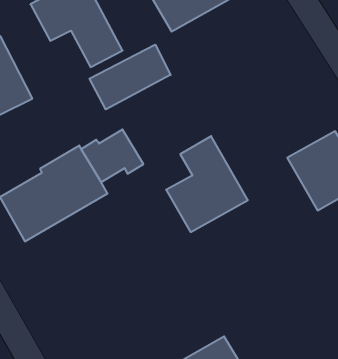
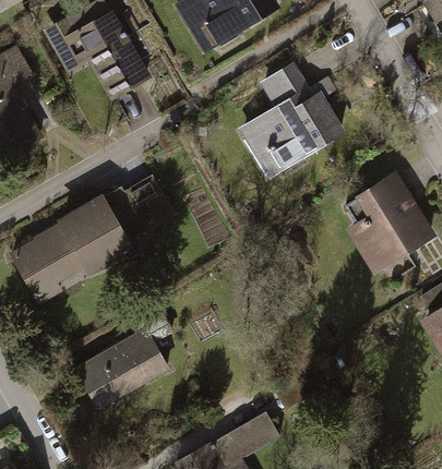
building: [89,45,171,109] -> none
building: [166,136,248,232] -> [243,62,338,173]
building: none -> [76,329,170,408]

